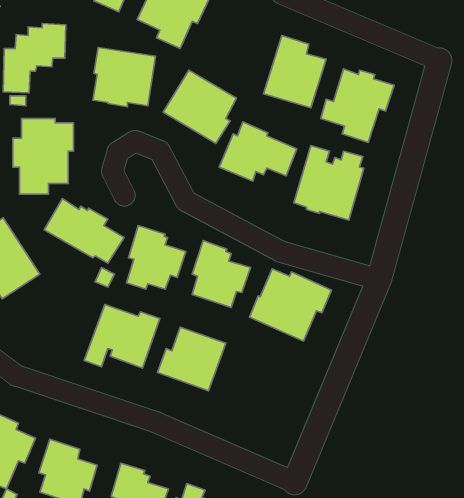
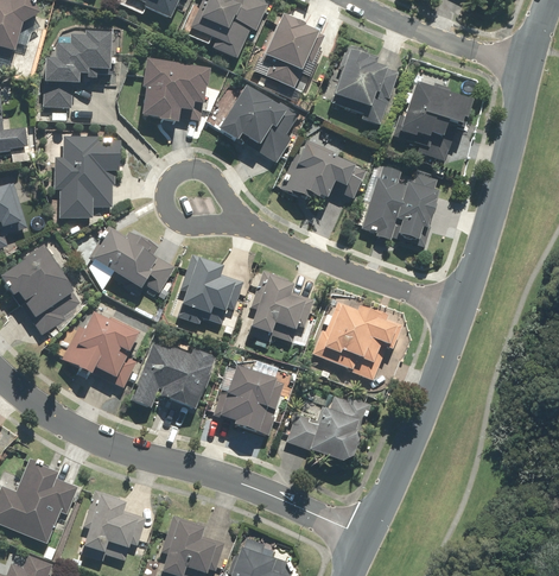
building: none -> [261,13,325,89]
building: none -> [61,312,139,387]
building: none -> [286,397,371,461]

